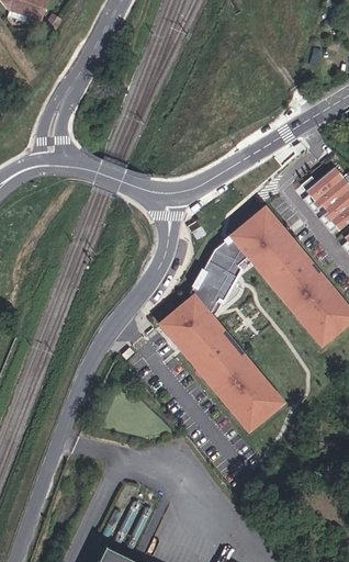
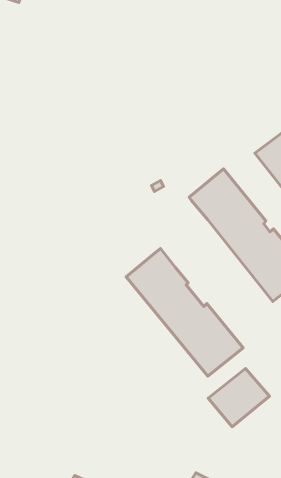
building: [189,239,249,314] -> none
building: none -> [208,368,269,427]

